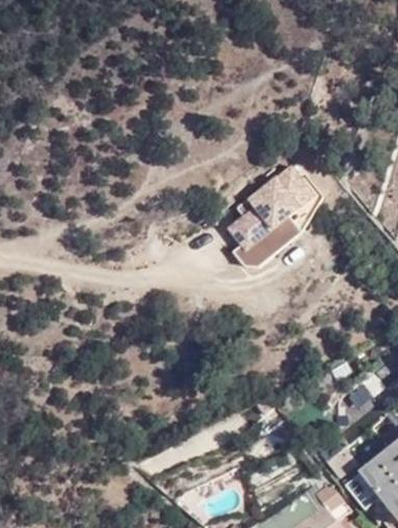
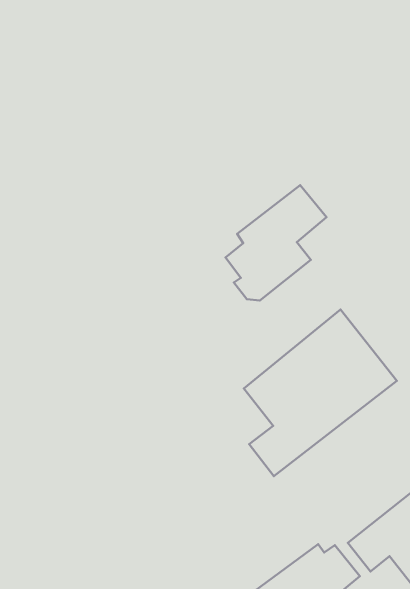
building: none -> [244,310,397,476]

